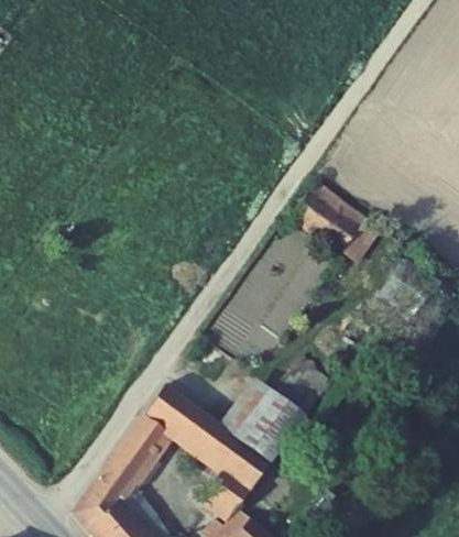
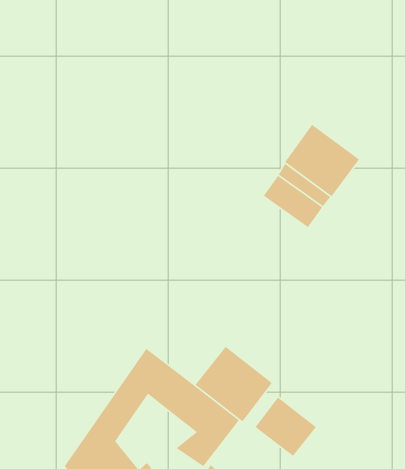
building: none -> [284,124,360,197]
building: none -> [254,397,317,457]

